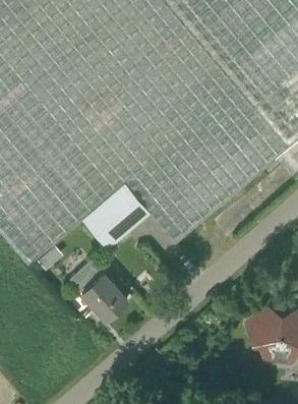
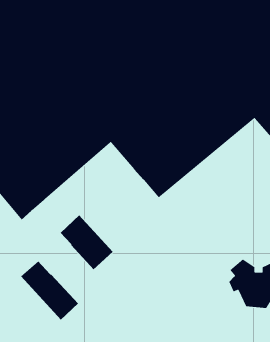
building: [84,183,148,246] -> none
building: none -> [20,260,79,320]

